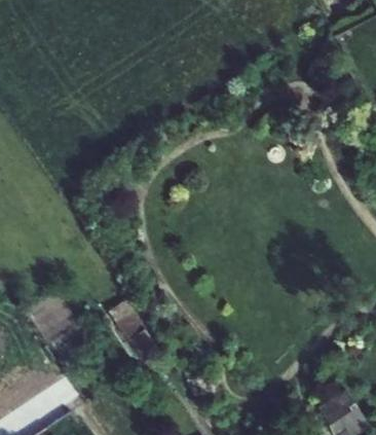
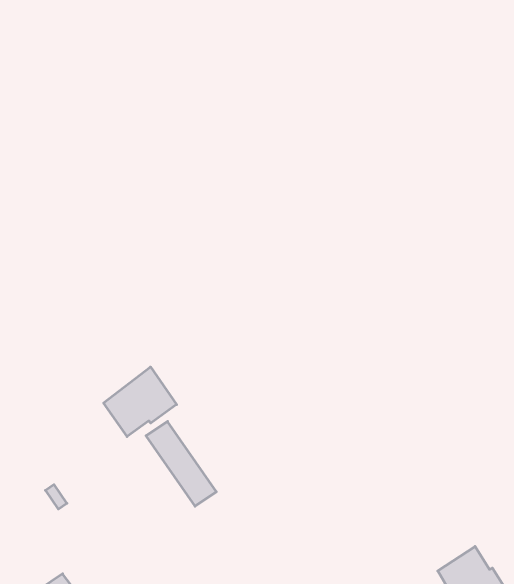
building: none -> [104,367,177,437]

